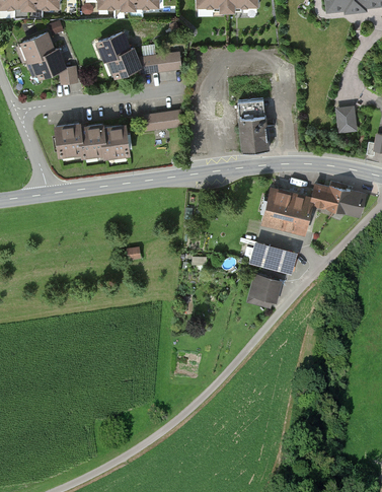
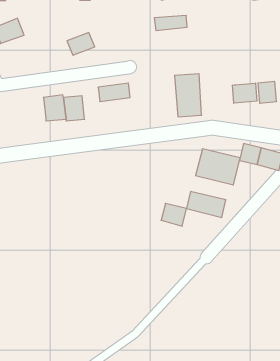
building: [95,31,130,62] -> none
building: [31,51,77,83] -> none
building: [142,55,181,73] -> [154,15,187,31]
building: none -> [232,83,257,103]
building: [53,125,81,156] -> none
building: [252,275,283,302] -> [161,203,186,226]

